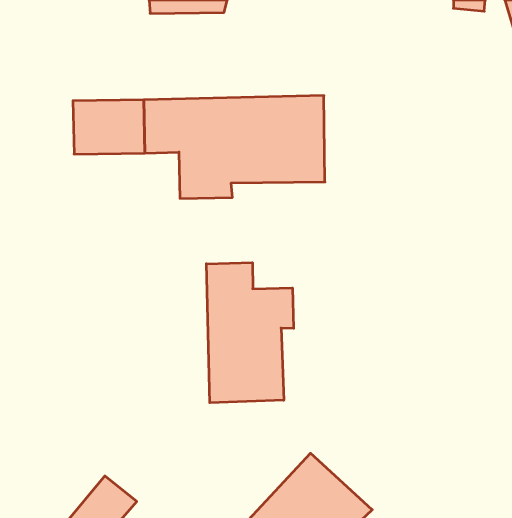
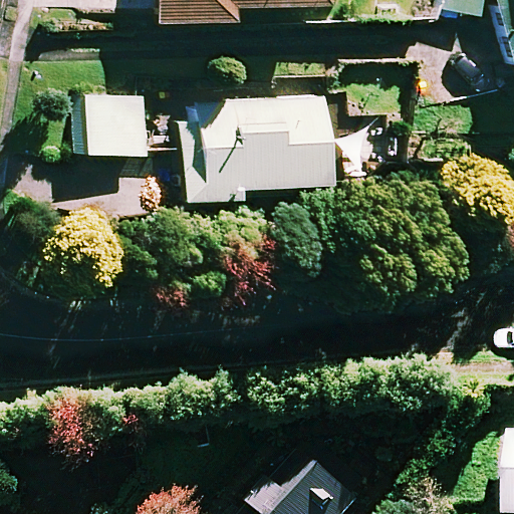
building: [206,263,294,403] -> none

